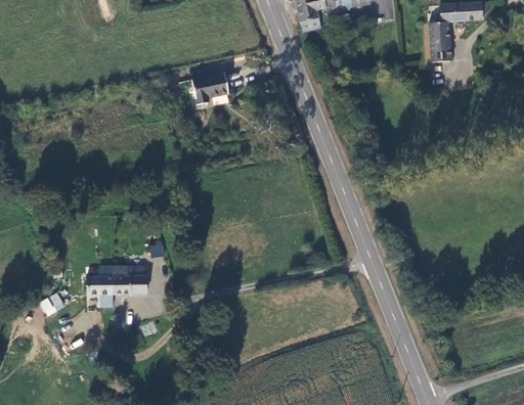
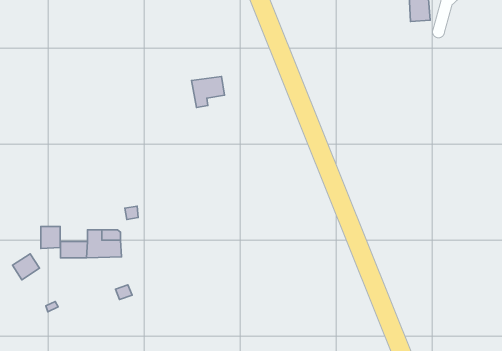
building: [194,74,227,104] -> [191,76,225,108]
building: none -> [41,227,60,248]

